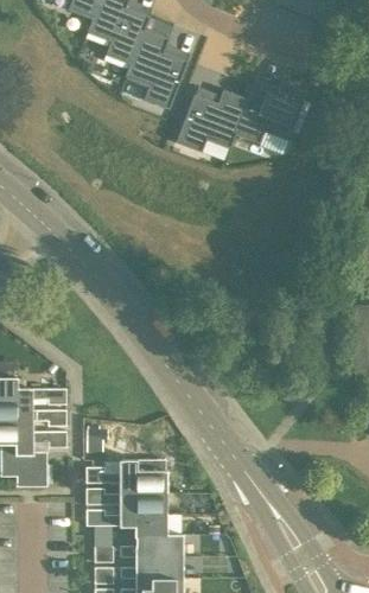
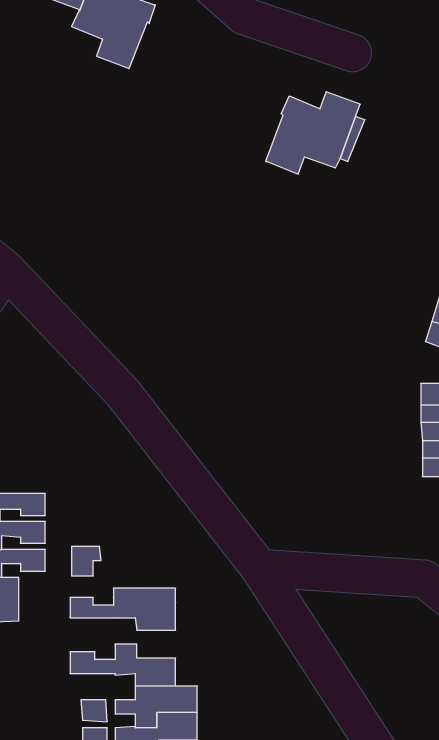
building: [123,28,187,110] -> none
building: [174,89,247,153] -> none
building: [84,484,165,515] -> none

